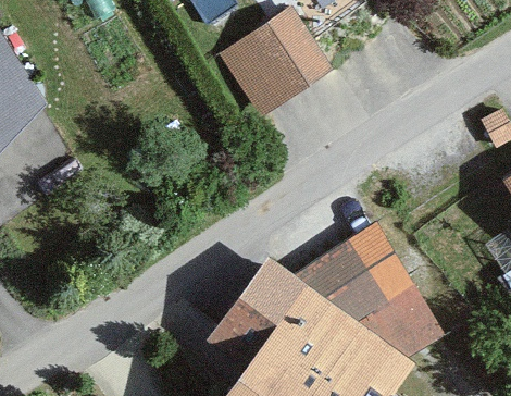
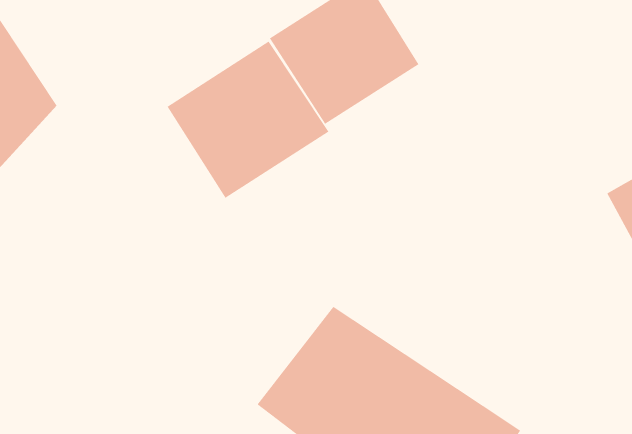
building: none -> [167,40,329,199]
building: [285,220,446,355] -> none

